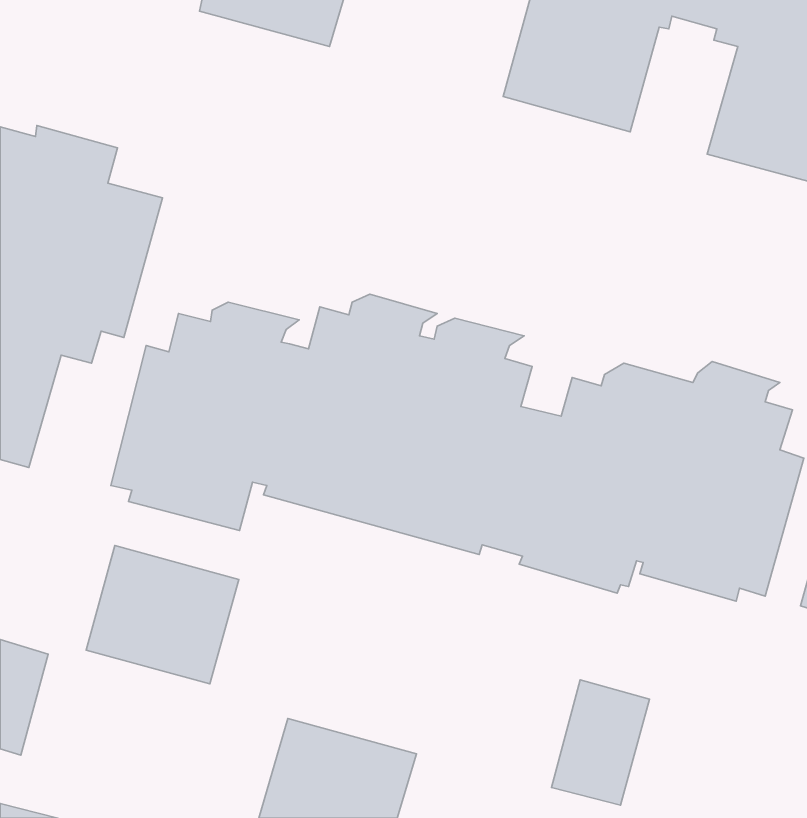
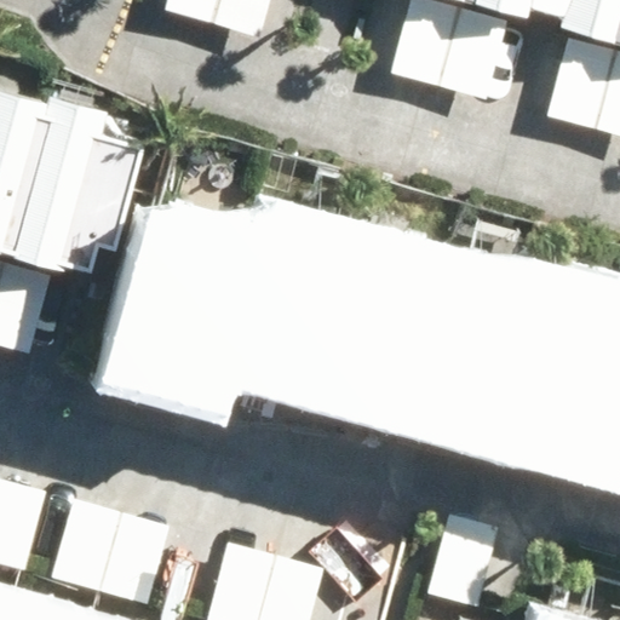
building: [86,546,239,684] -> [54,499,170,603]

